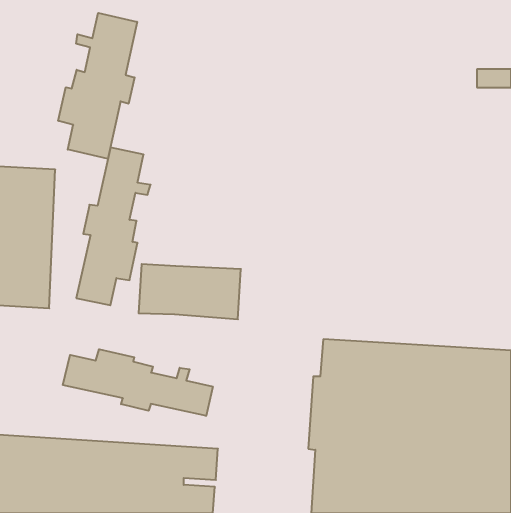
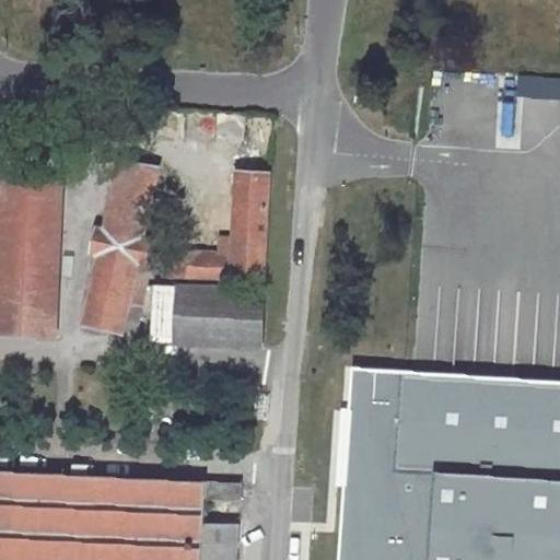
building: [58,13,137,159] -> none
building: none -> [164,175,270,287]
building: [63,349,213,416] -> none

